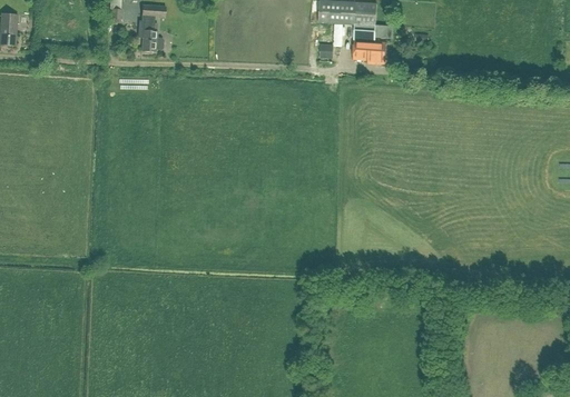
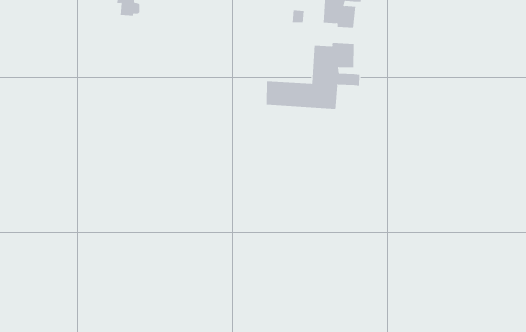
building: none -> [266,42,360,110]

